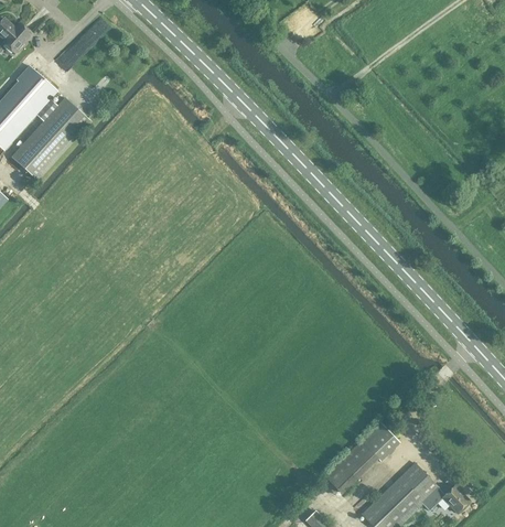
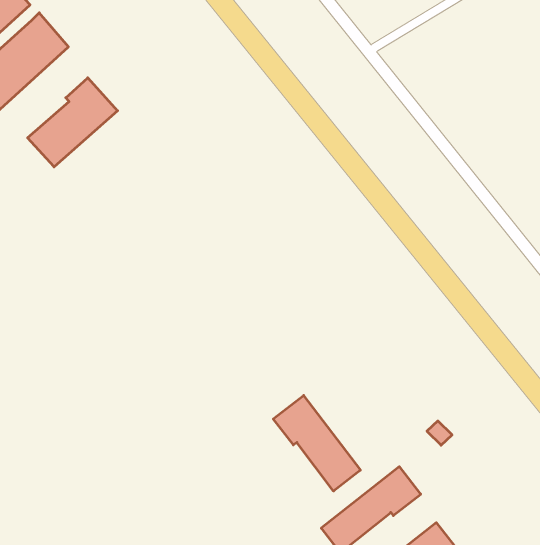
building: none -> [28,78,118,167]
building: none -> [273,395,360,491]

